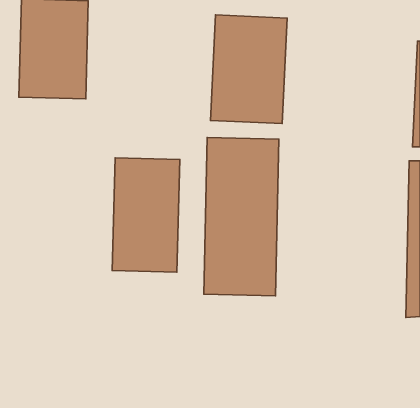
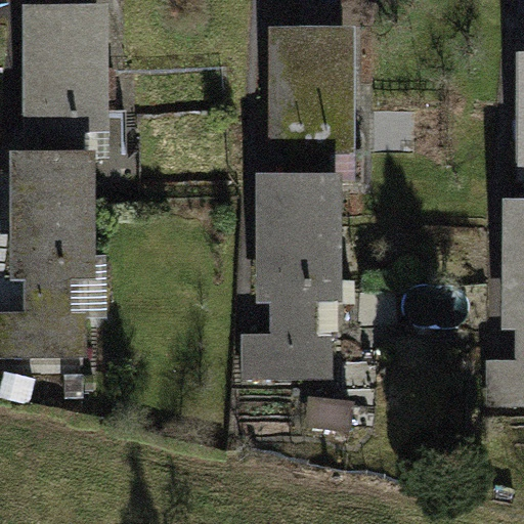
building: none -> [6,154,100,350]
building: [112,158,180,272] -> none

